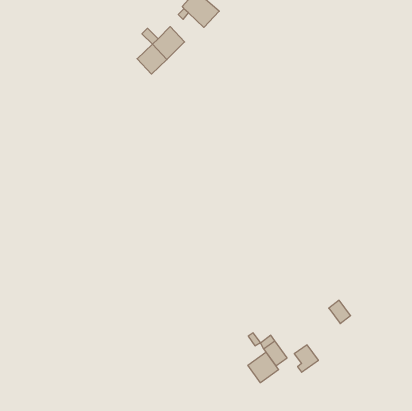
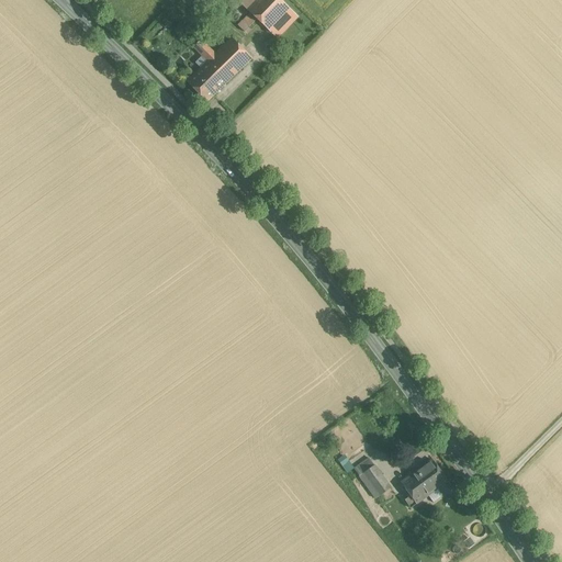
building: [329,300,351,324] -> [418,459,448,491]
building: [248,352,279,383] -> none

